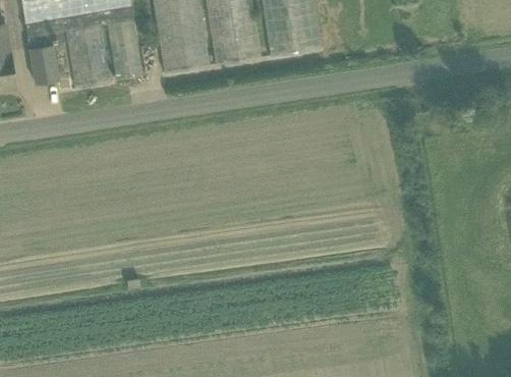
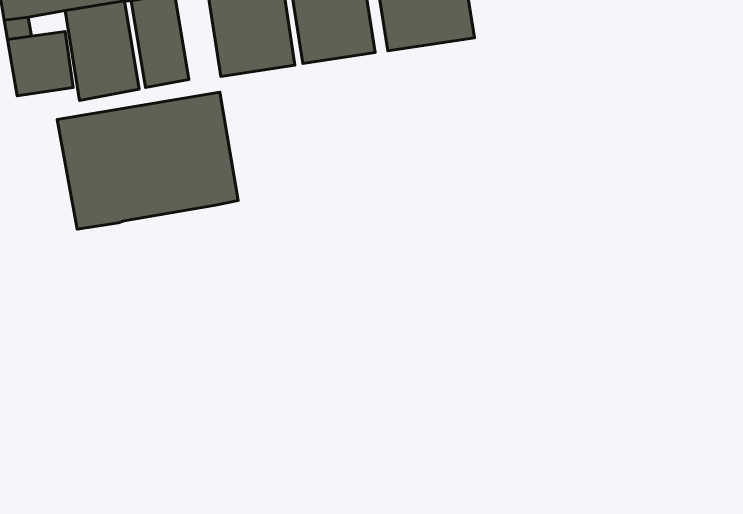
building: none -> [57,92,238,229]

